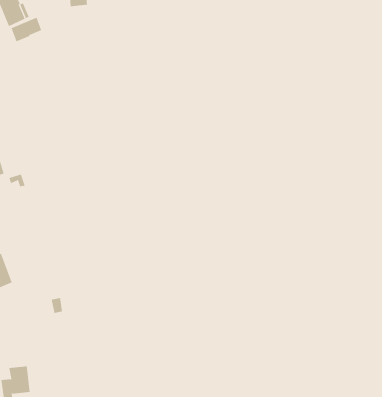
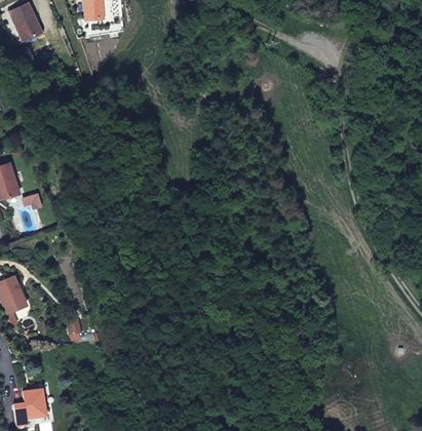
building: [11,17,42,42] -> none

